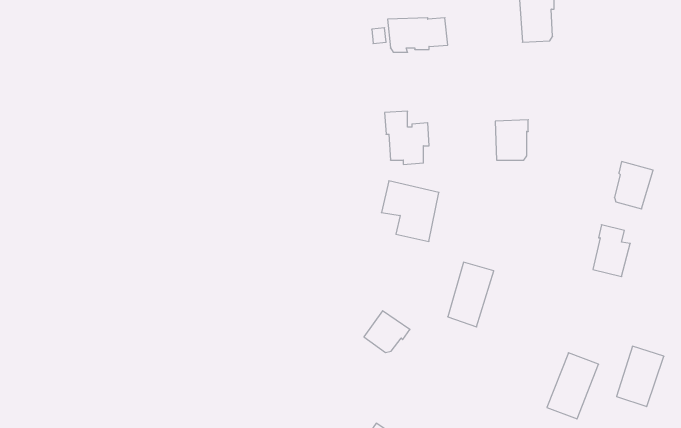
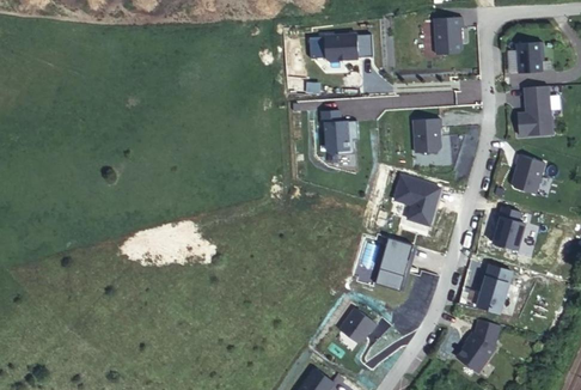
building: none -> [518,42,544,74]
building: none -> [518,86,552,136]
building: [381,181,439,241] -> [392,173,440,224]
building: [364,311,410,353] -> [338,310,377,345]
building: [617,346,664,407] -> [473,258,513,309]

